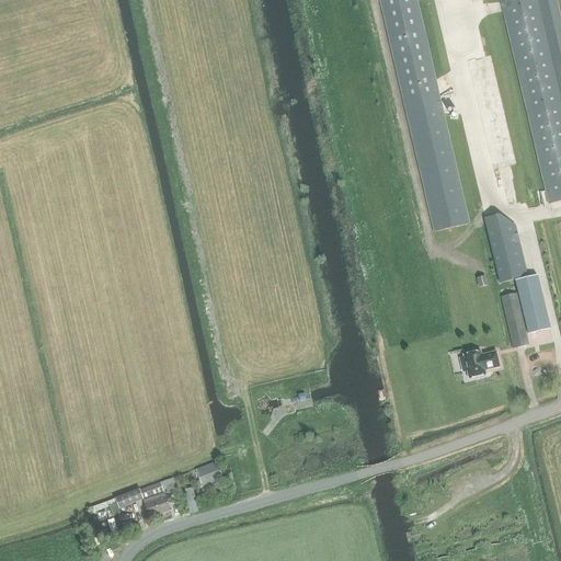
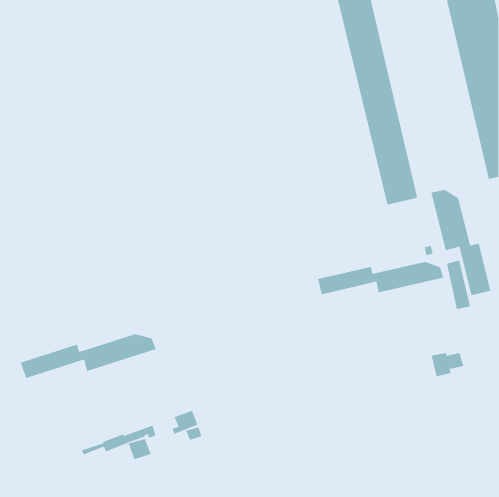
building: none -> [317,261,444,295]
building: [462,350,500,377] -> [431,353,464,377]
building: none -> [20,333,156,379]

